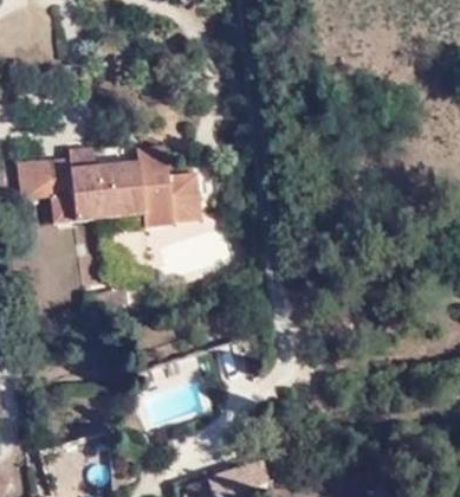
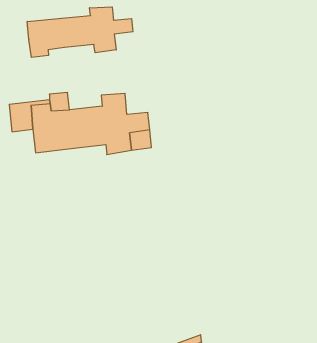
building: none -> [27,7,133,57]

